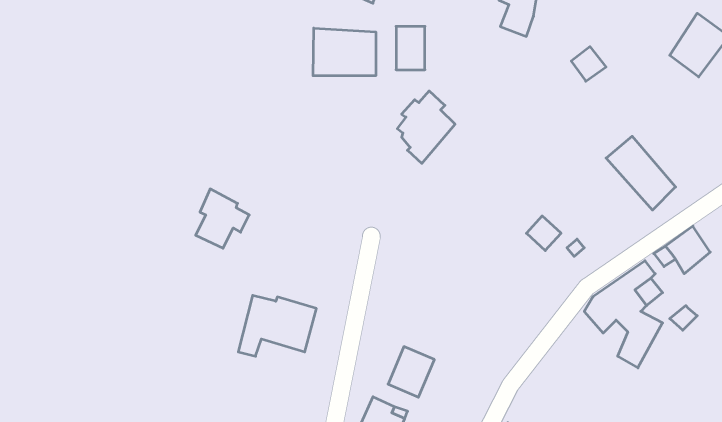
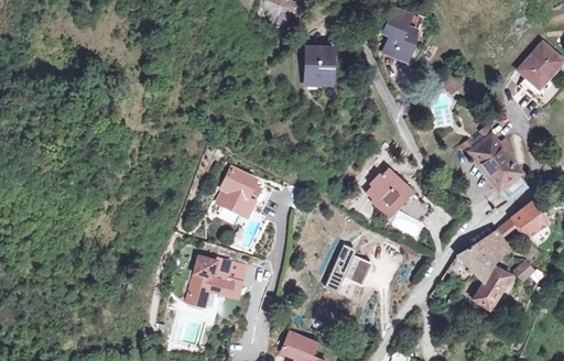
building: [313,28,376,76] -> none
building: [397,91,455,163] -> [367,163,411,218]
building: [196,189,249,248] -> [221,168,262,214]
building: [388,347,434,397] -> [329,248,365,286]

